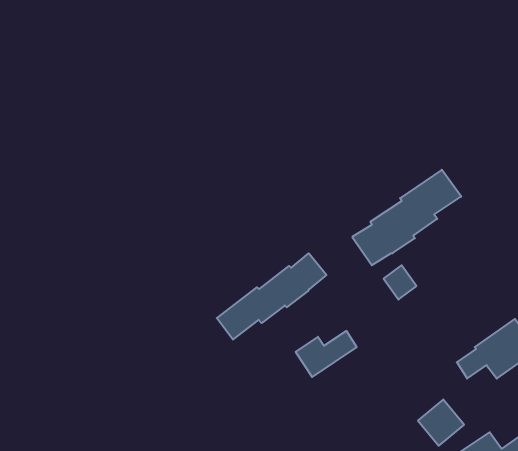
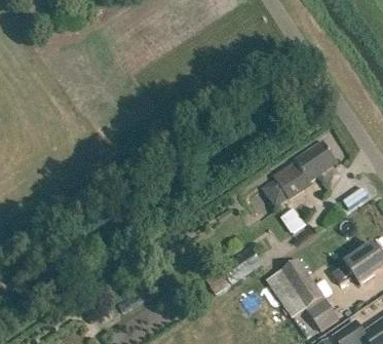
building: [217,253,326,340] -> none
building: none -> [267,258,324,316]

